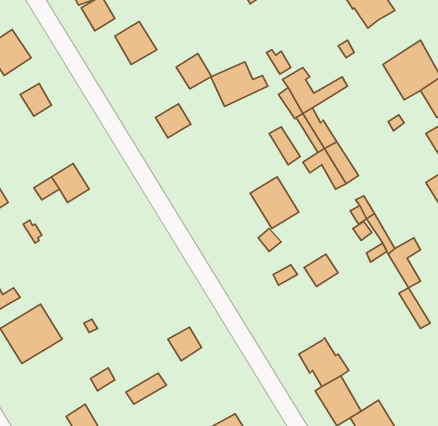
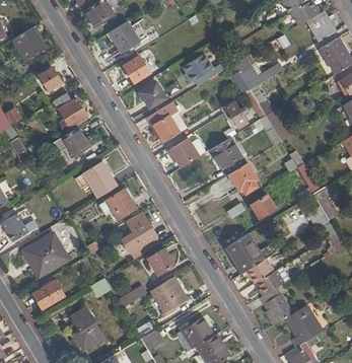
building: none -> [306,11,336,41]
building: [176,54,211,89] -> [123,57,149,83]
building: none -> [53,92,86,128]
building: none -> [148,102,186,142]
building: none -> [167,139,199,168]
building: none -> [82,161,118,199]
building: none -> [228,164,257,195]
building: none -> [105,191,135,220]
building: none -> [122,212,160,260]
building: none -> [225,234,264,274]
building: none -> [152,279,185,317]
building: none -> [32,281,64,308]

